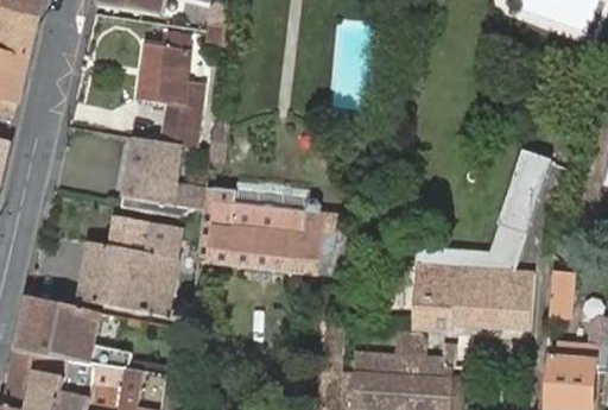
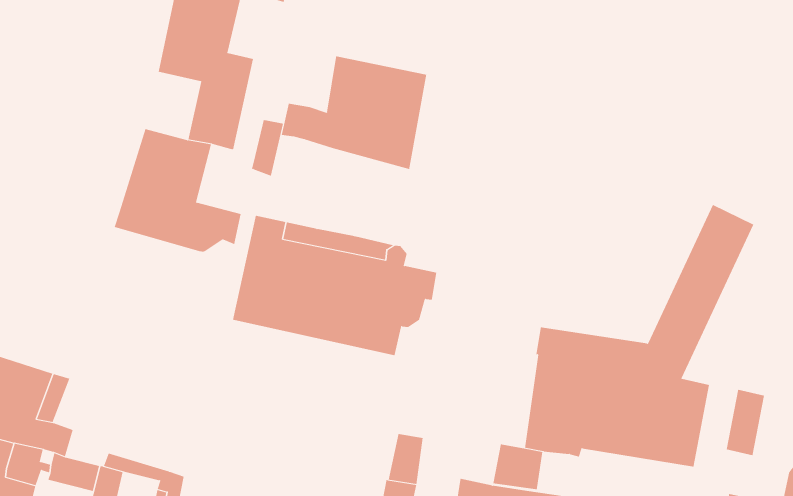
building: none -> [281,56,427,170]
building: [77,221,182,317] -> none

